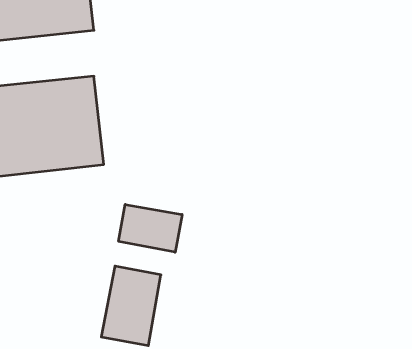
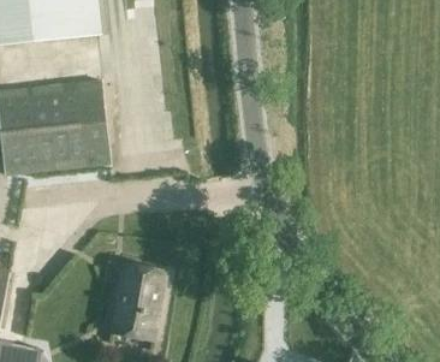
building: [119,204,182,252] -> none

